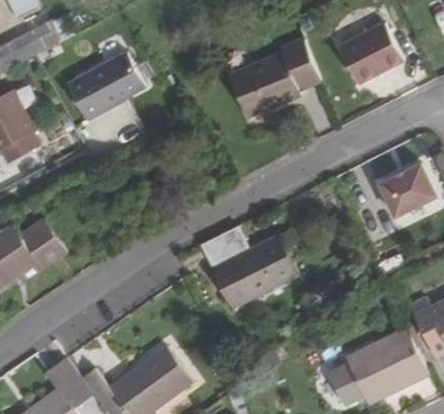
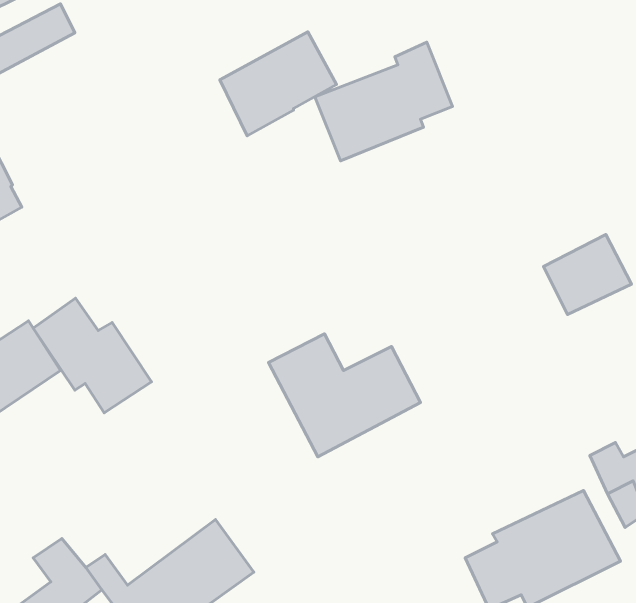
building: [338,23,404,85] -> none
building: [68,53,144,120] -> [220,32,337,136]
building: none -> [33,298,152,413]

